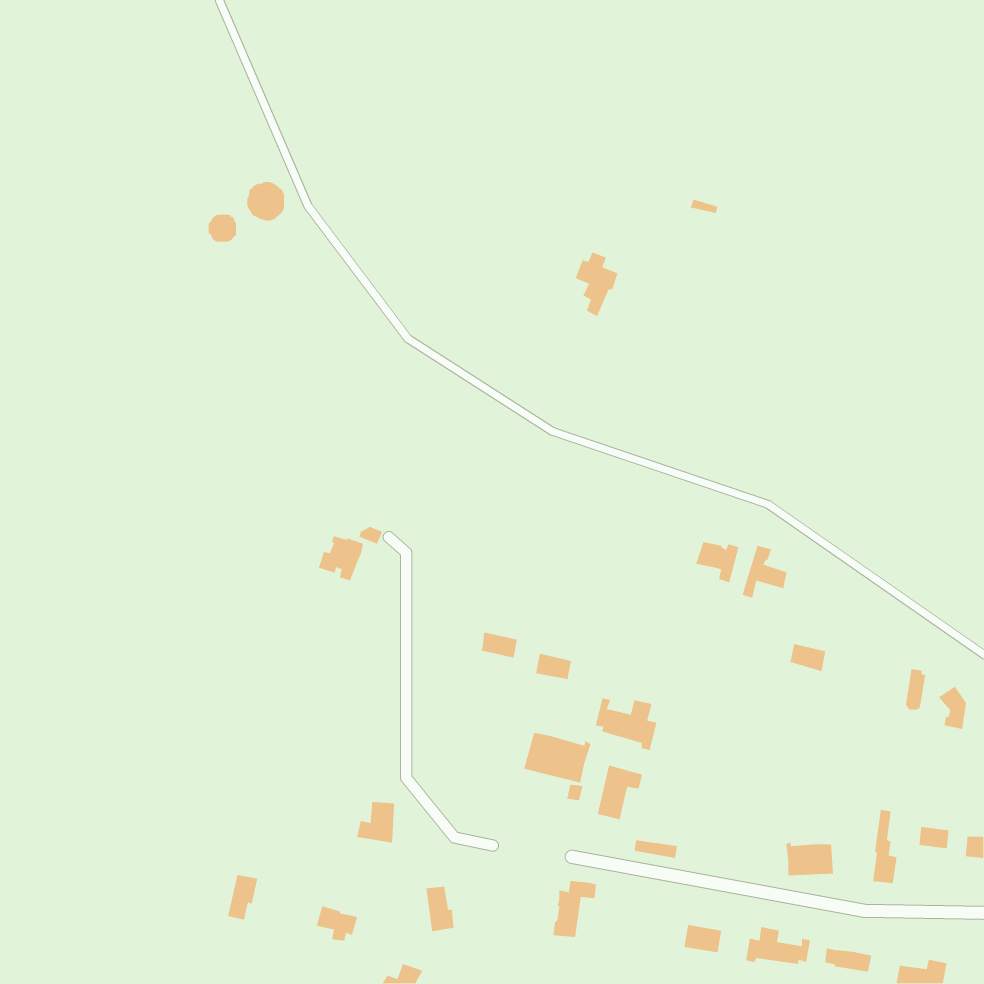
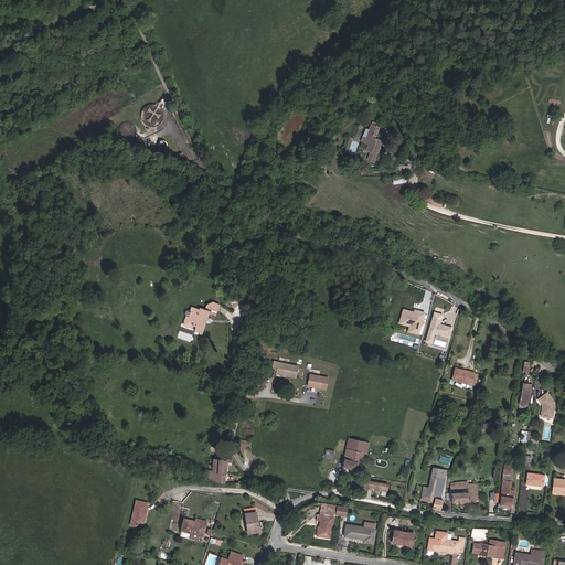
building: [574,252,619,317] -> [361,125,386,162]
building: [595,697,657,751] -> none
building: [523,732,591,783] -> none
building: none -> [420,468,446,510]
building: none -> [344,522,375,544]

